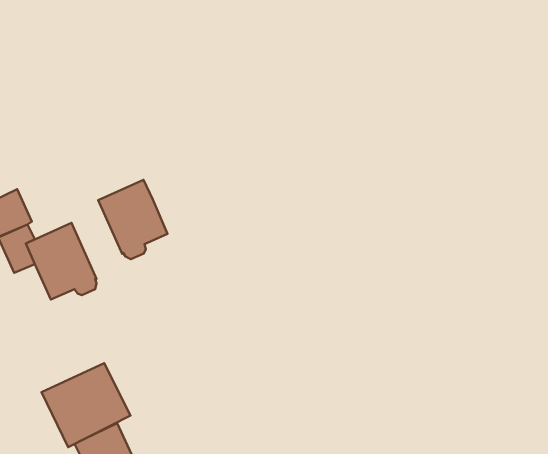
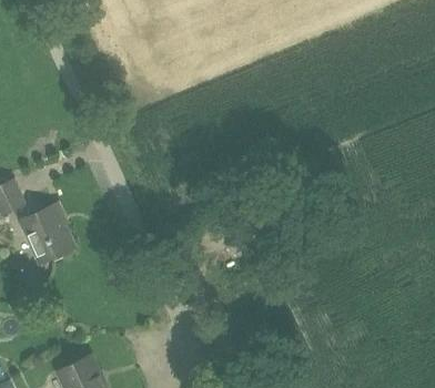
building: [98,180,168,259] -> none
building: [42,363,130,447] -> none

